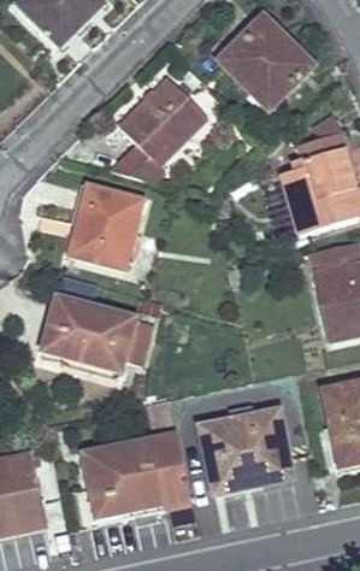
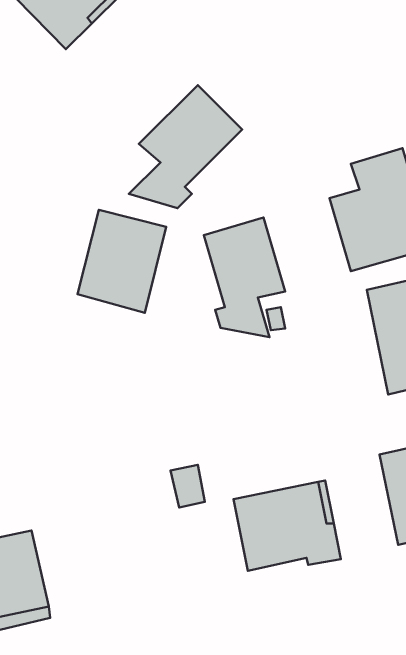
building: [218,13,312,107] -> none
building: none -> [204,218,285,337]
building: [42,295,152,369] -> none
building: [83,432,189,514] -> none

